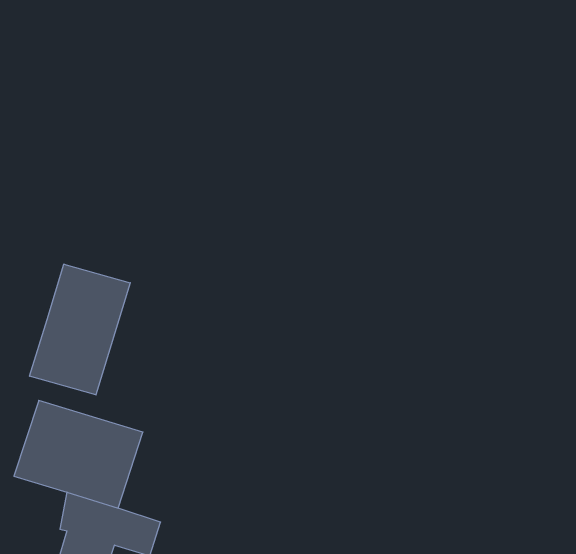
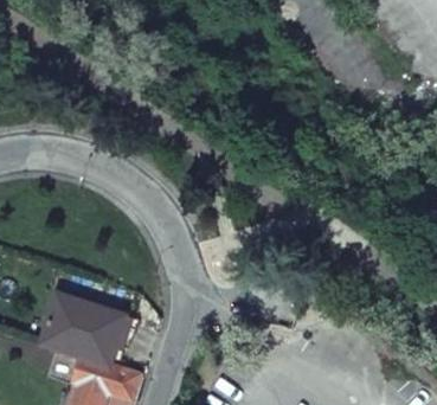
building: [30,264,130,395] -> none

